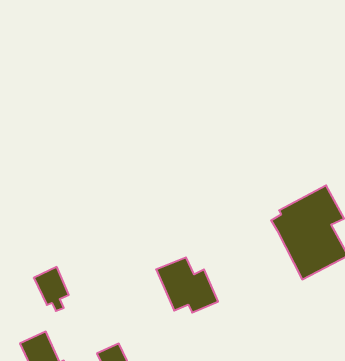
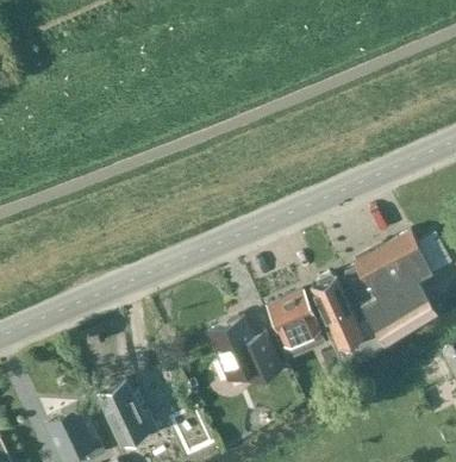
building: none -> [312,275,382,360]
building: none -> [268,292,320,348]
building: [34,267,69,311] -> [99,383,140,436]

